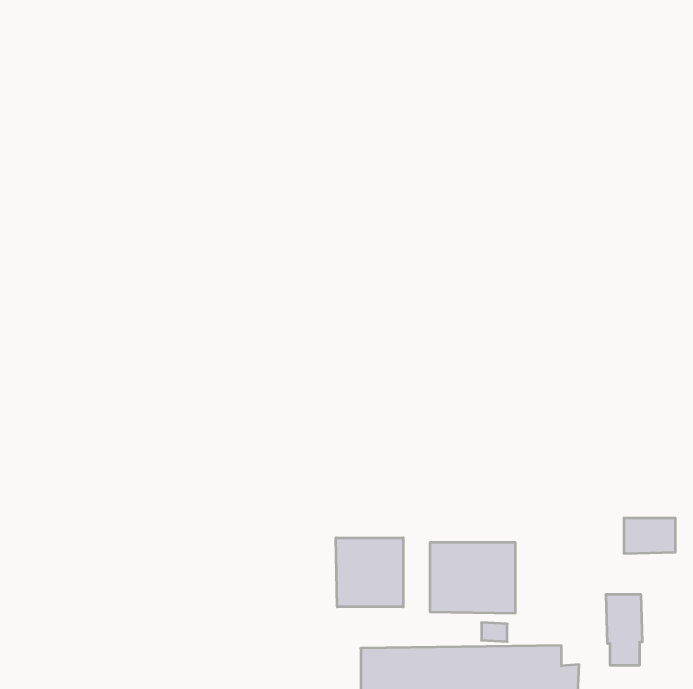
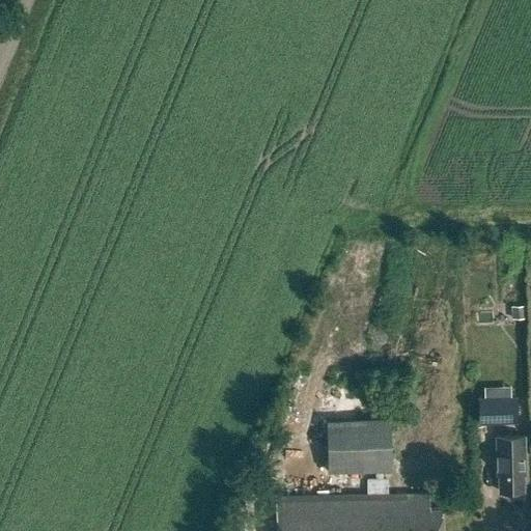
building: [336,538,403,607] -> none
building: [606,595,642,665] -> [497,440,525,494]

